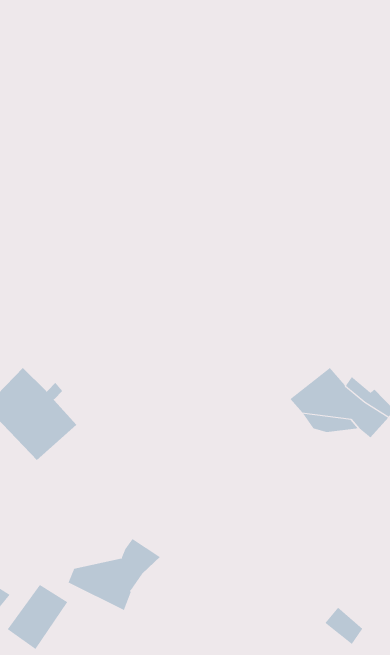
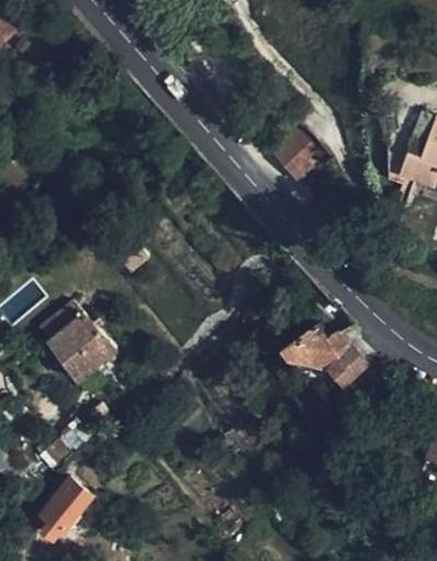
building: none -> [272,129,322,181]
building: [68,538,161,611] -> none

